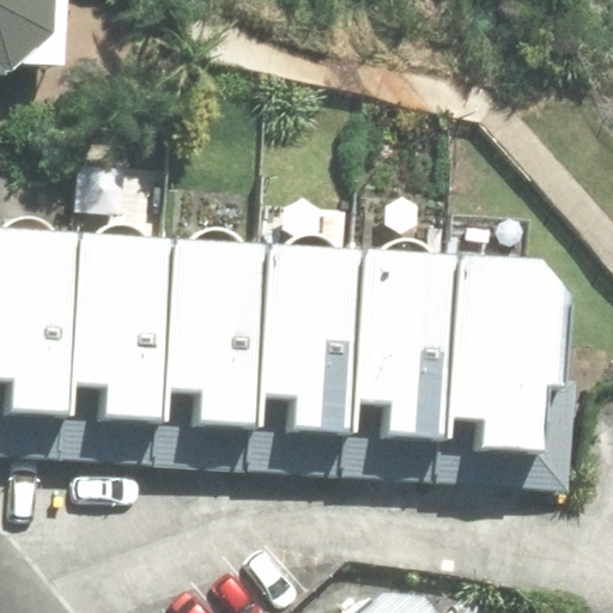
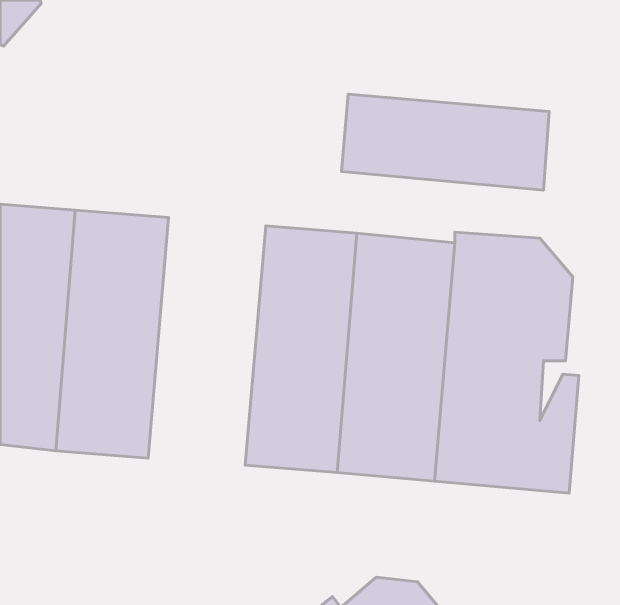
building: none -> [342,94,549,190]
building: [146,230,262,474] -> none

